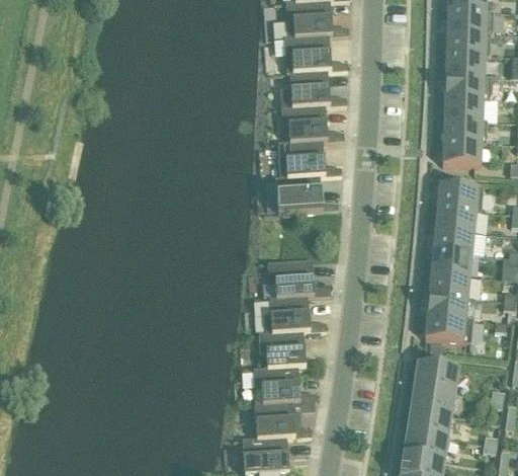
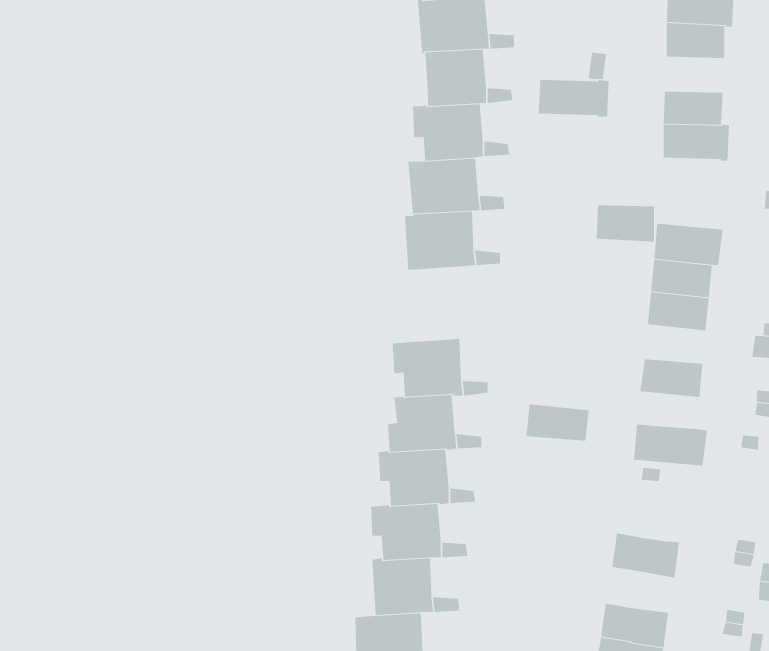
building: [445,76,492,100] -> [538,80,609,117]
building: [443,142,482,166] -> [596,205,655,242]
building: [432,250,472,275] -> none
building: [427,294,468,318] -> [526,404,589,441]
building: [414,362,459,392] -> none
building: [407,408,452,438] -> none

